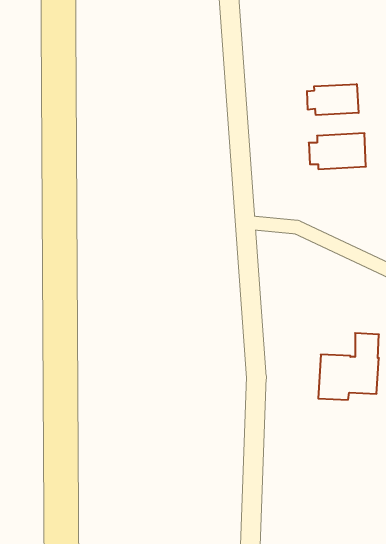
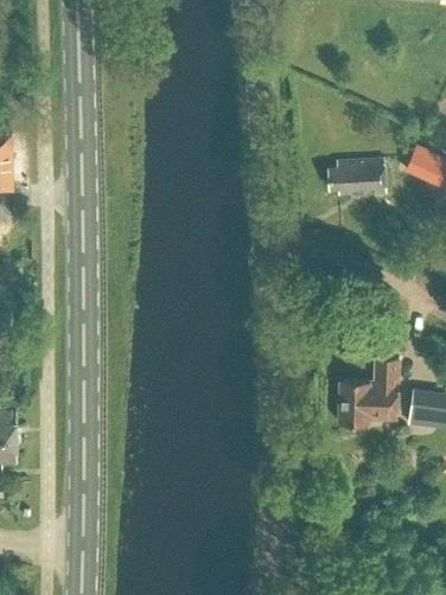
building: [307,84,359,115] -> none

